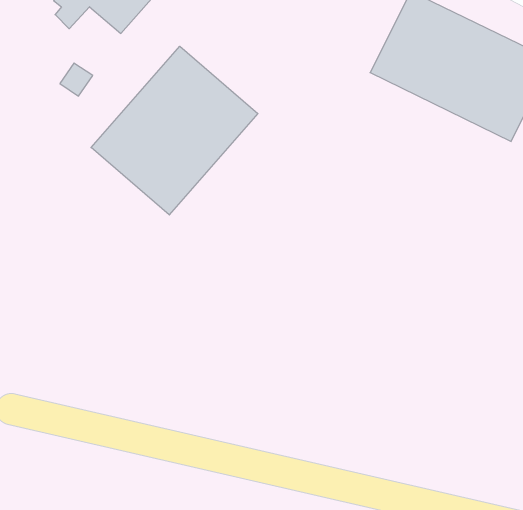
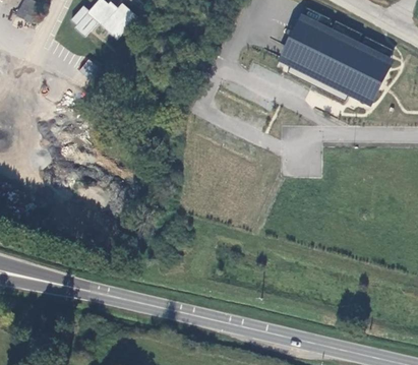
building: [91,46,258,215] -> none

